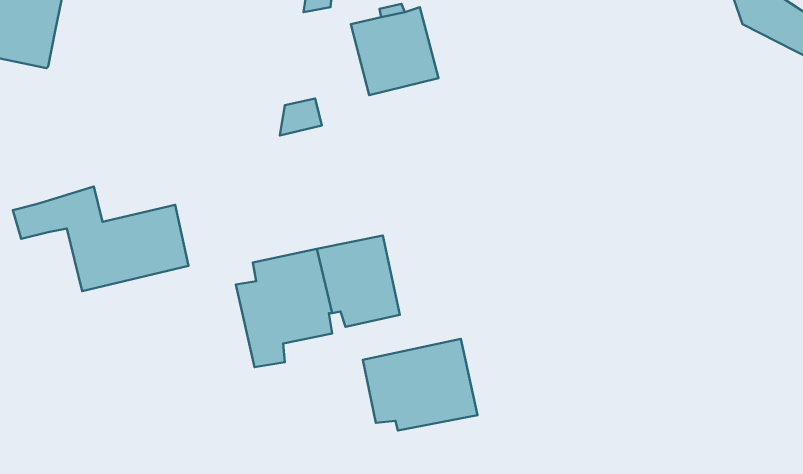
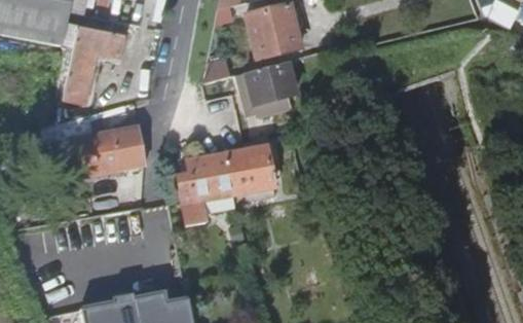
building: none -> [55,22,122,100]
building: none -> [245,64,294,107]
building: [363,339,478,431] -> none

